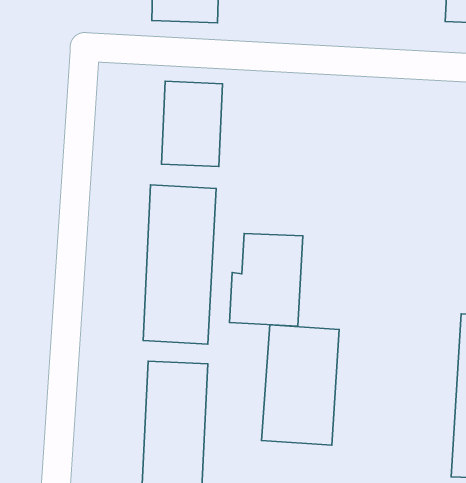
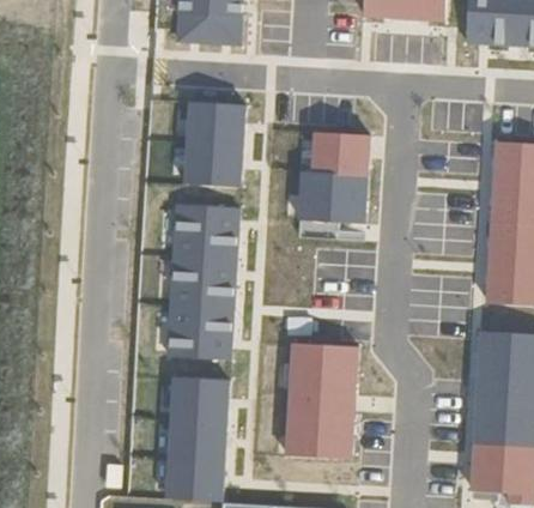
building: [230,234,303,326] -> [298,132,370,223]

